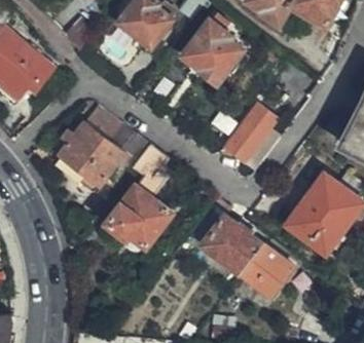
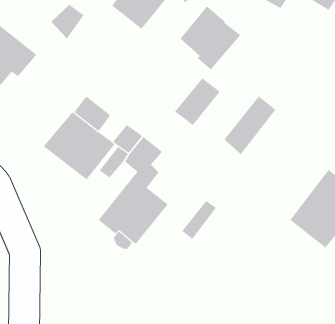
building: none -> [174,77,220,126]
building: [202,216,290,296] -> none

